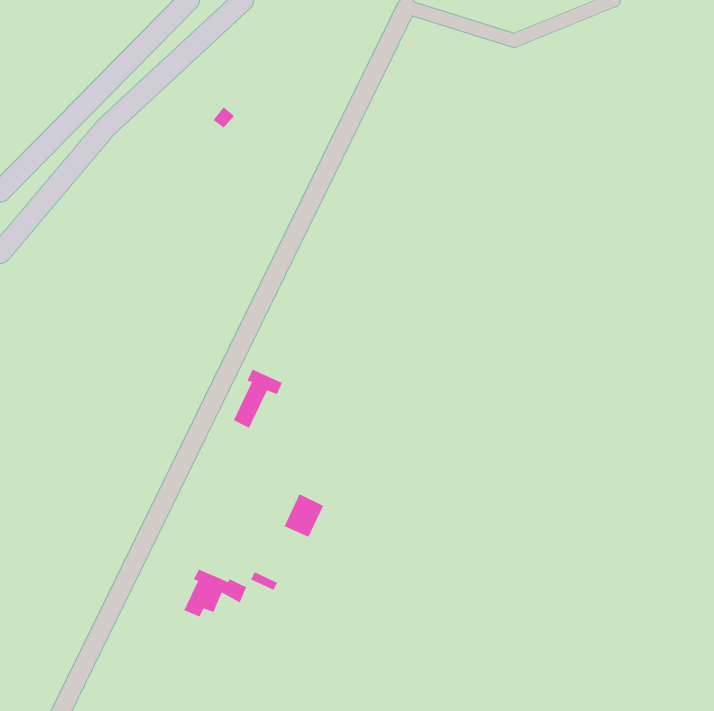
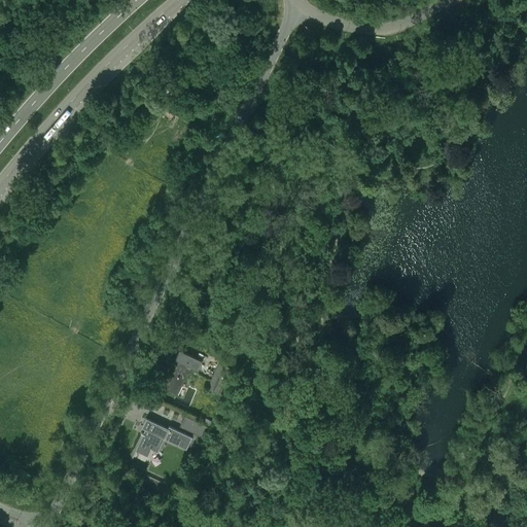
building: [233,369,283,429] -> [165,352,202,396]

